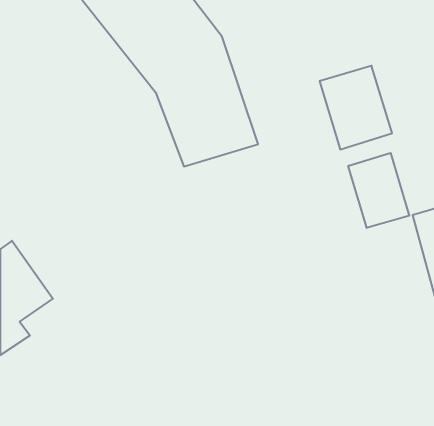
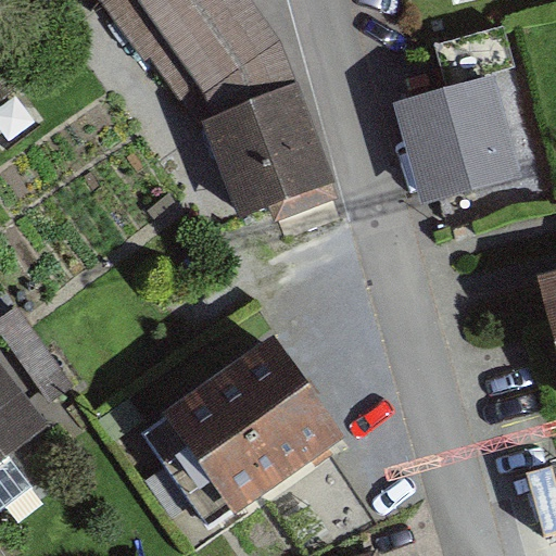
building: [348,153,409,228] -> none
building: none -> [162,342,339,516]

